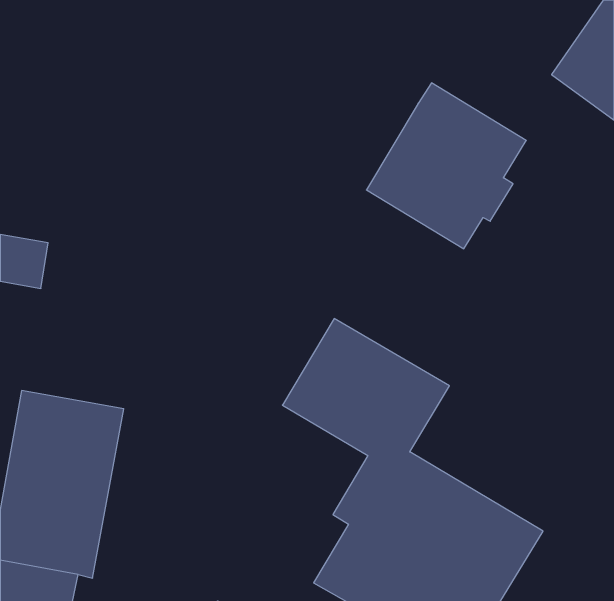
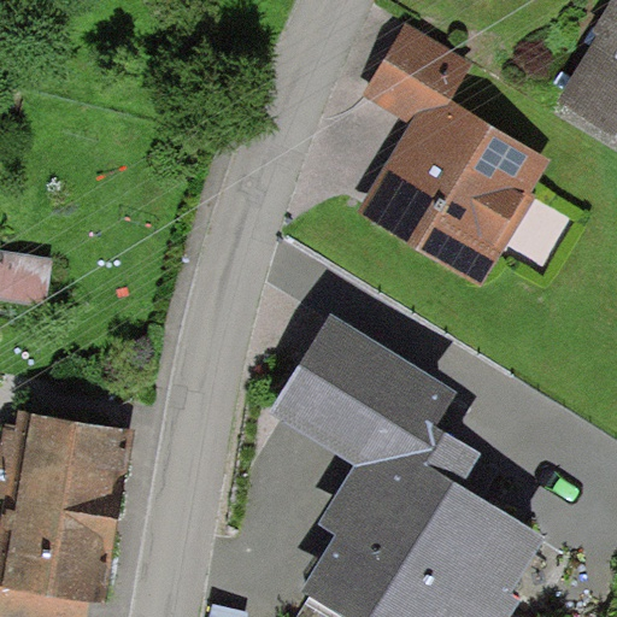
building: none -> [358,19,457,117]

